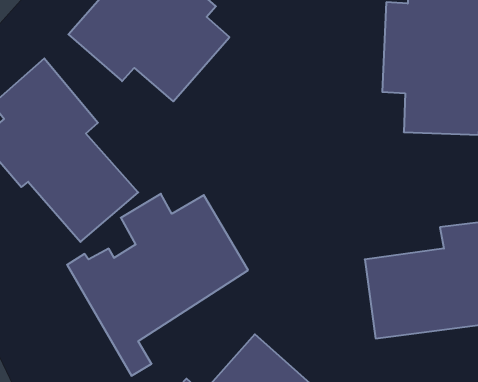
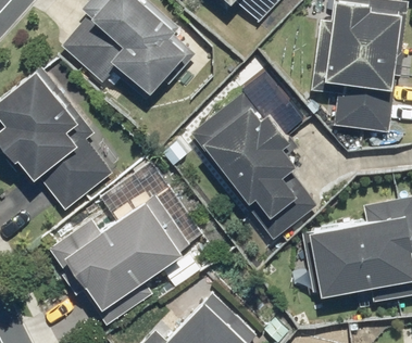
building: none -> [190,91,300,240]

